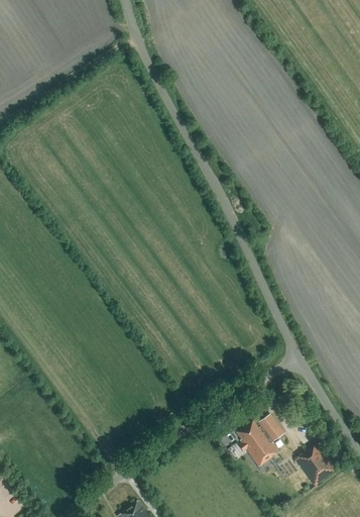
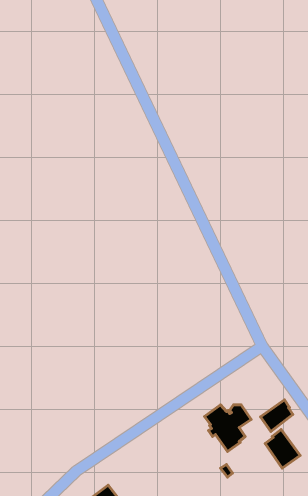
building: none -> [260,400,293,431]

